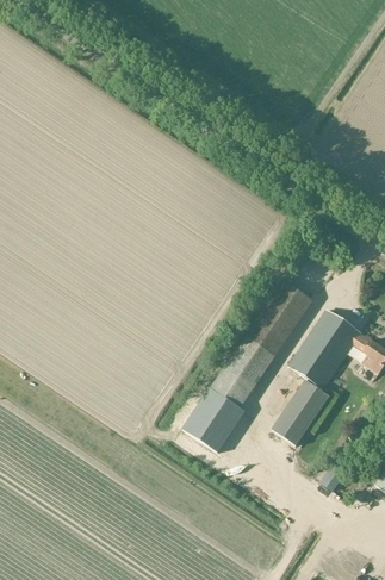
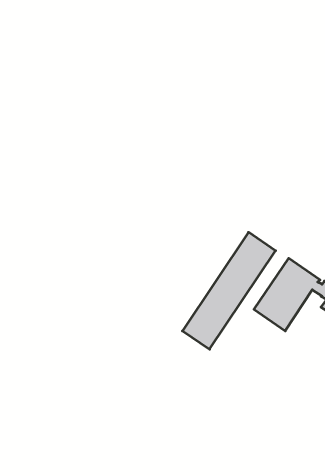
building: [269,380,327,445] -> none
building: [181,389,243,453] -> none

